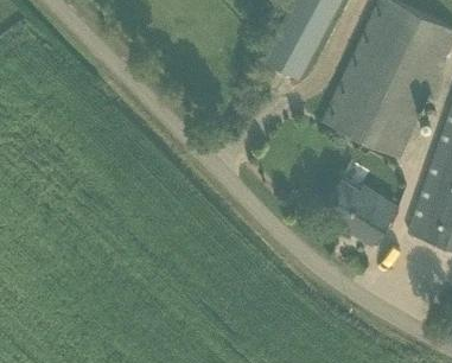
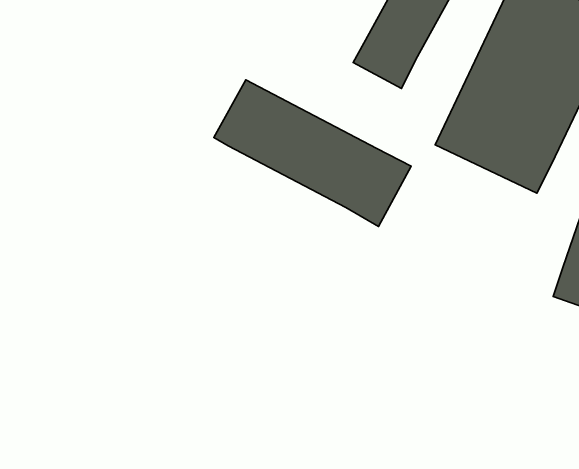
building: none -> [214,80,411,227]
building: [322,179,394,243] -> none

